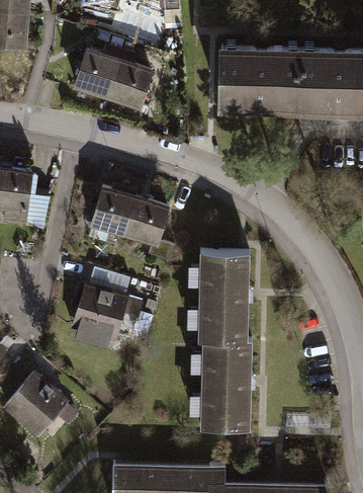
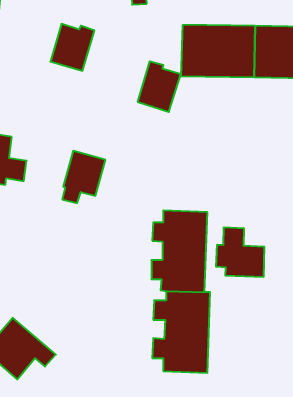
building: [111,55,159,110] -> [138,61,181,112]
building: [125,197,175,262] -> none
building: [71,268,155,351] -> none
building: none -> [216,227,264,277]

